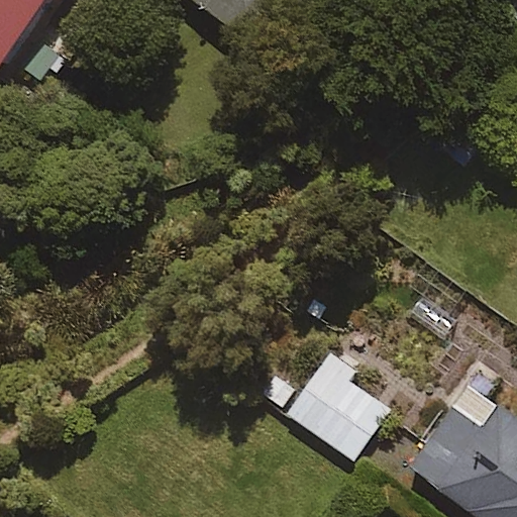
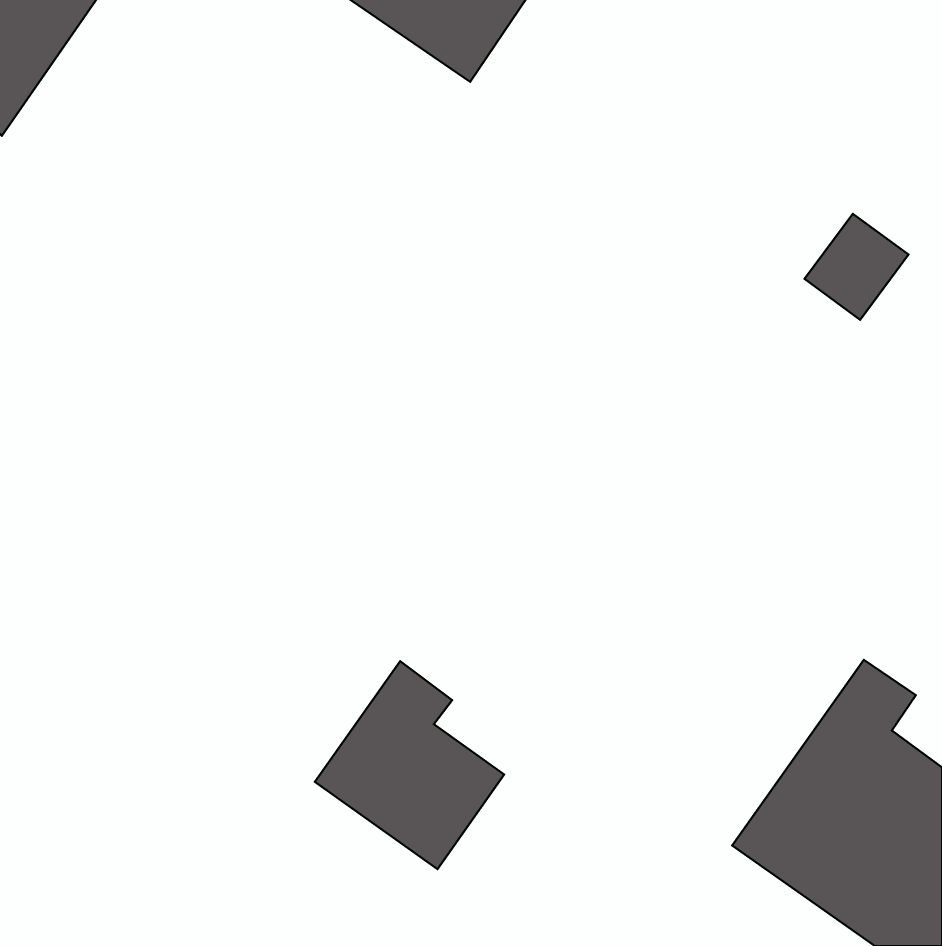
building: [287,348,390,461] -> [315,661,504,869]

